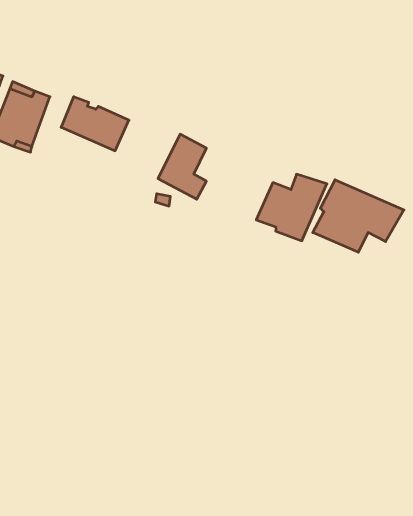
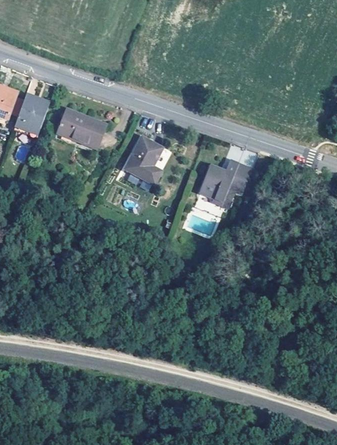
building: [313,180,404,252] -> none

